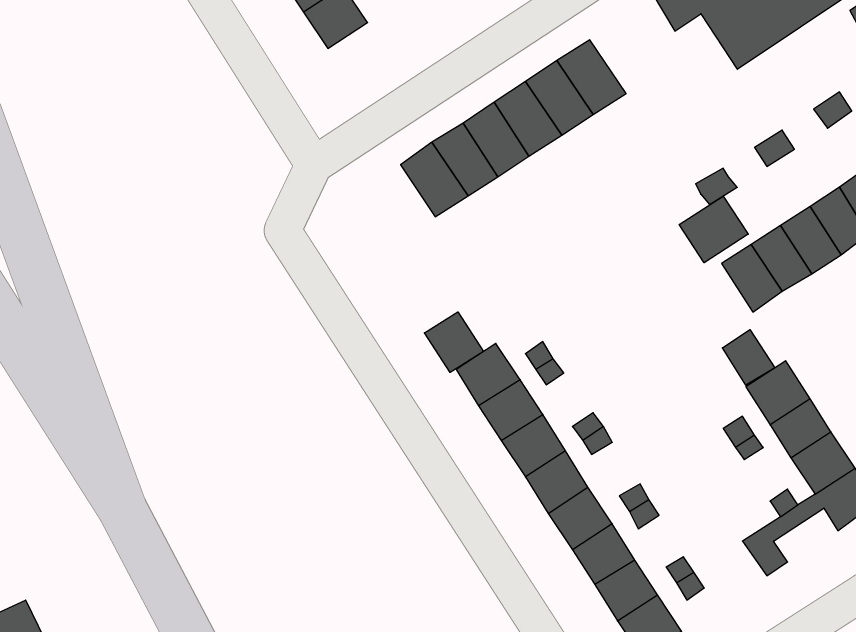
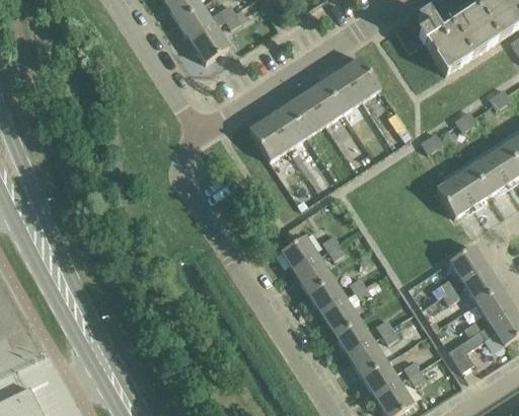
building: [679,196,748,263] -> none
building: [424,312,483,372] -> none
building: [722,330,775,385] -> none

